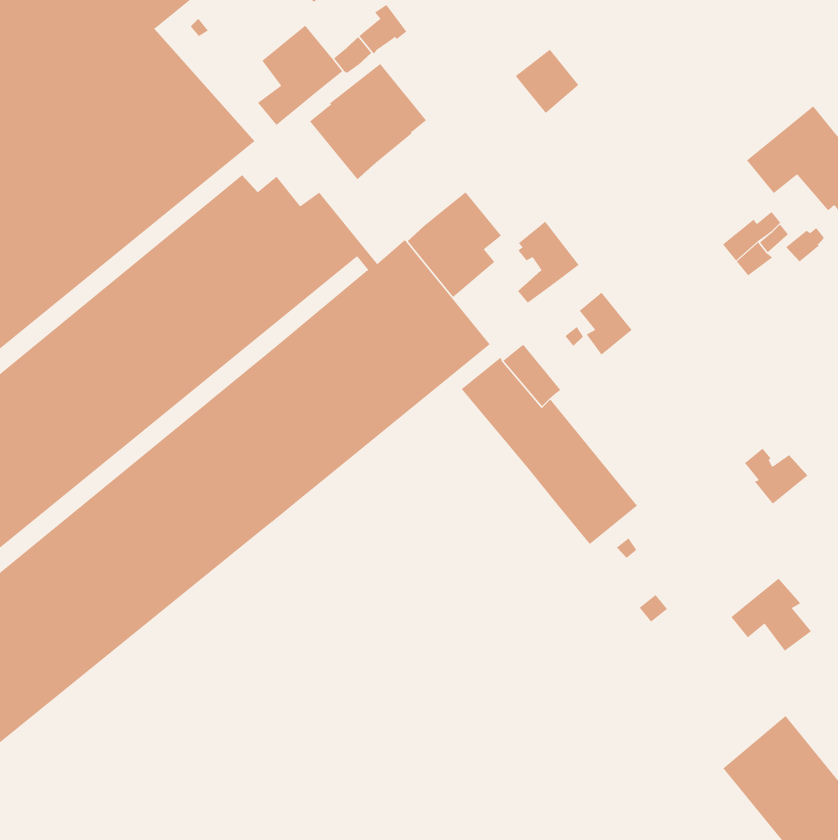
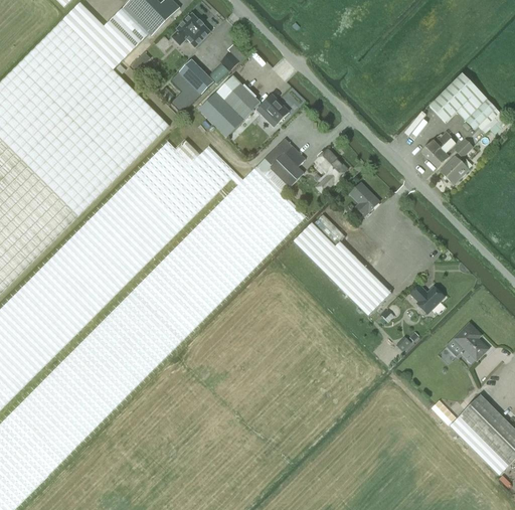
building: [515,49,579,114] -> [254,94,289,128]
building: none -> [439,156,471,184]
building: [744,448,808,505] -> [409,285,444,314]

